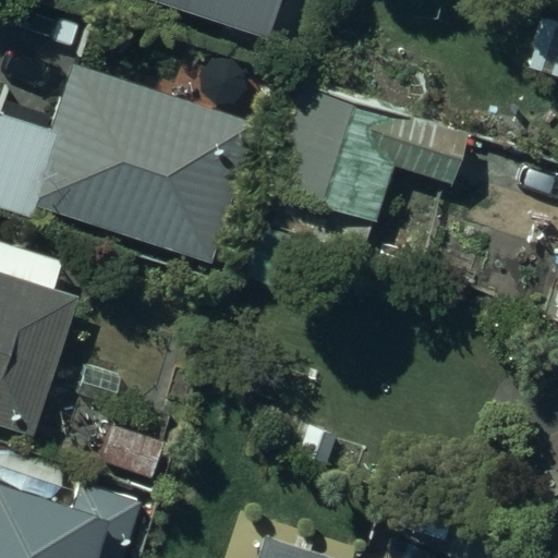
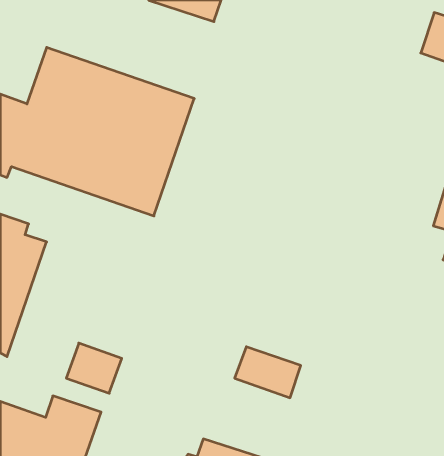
building: [260,81,464,222] -> none

